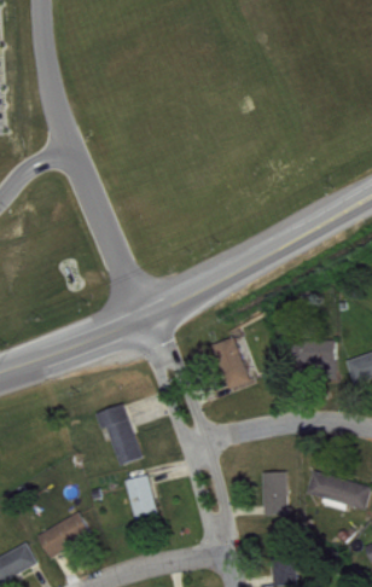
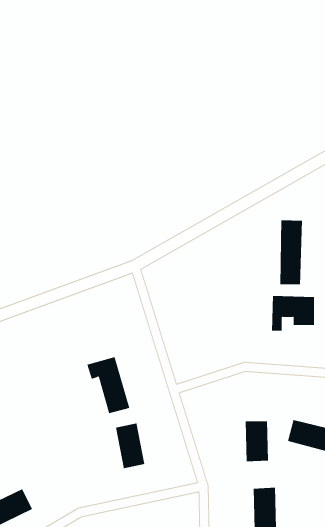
building: none -> [280,219,303,285]
building: [210,337,250,389] -> none
building: [36,513,89,556] -> none

